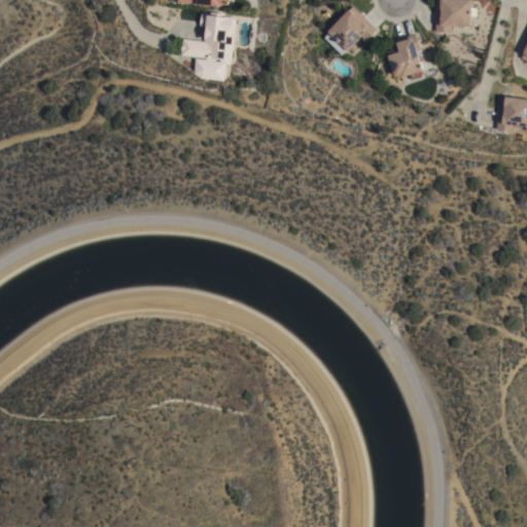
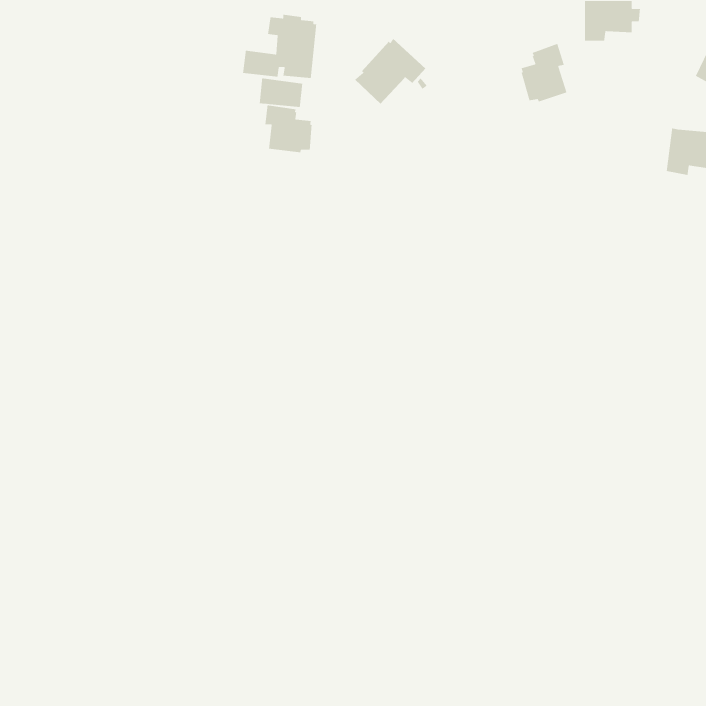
building: [324,6,378,56] -> [354,38,426,104]
building: none -> [265,105,313,153]

